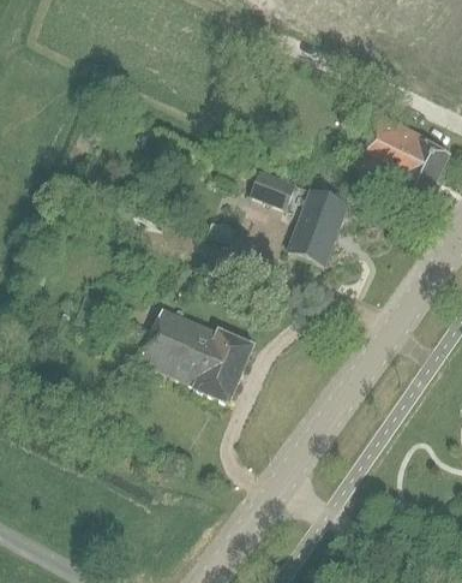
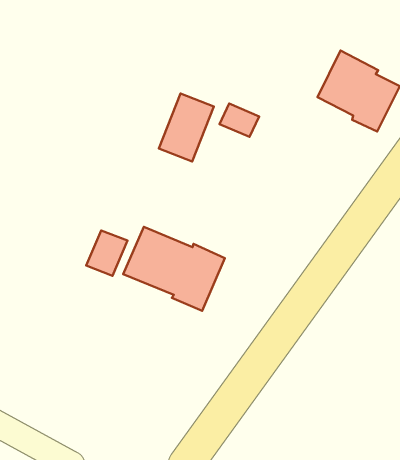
building: [287,188,348,263] -> [159,94,214,162]
building: none -> [86,230,127,276]

